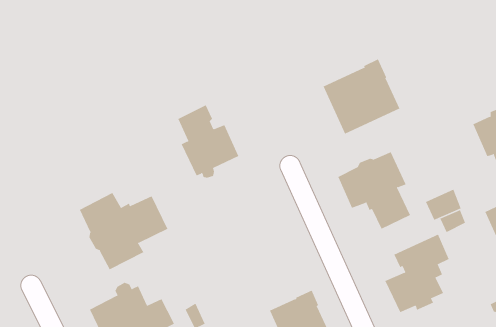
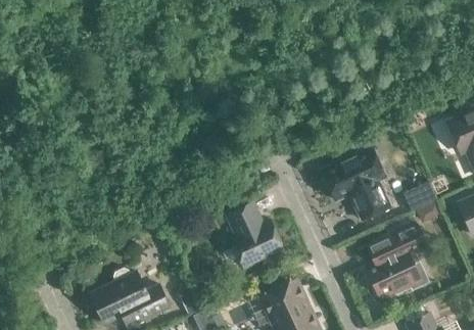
building: [323,58,400,135] -> none
building: [178,105,239,178] -> [227,202,284,271]
building: [79,192,168,270] -> none

